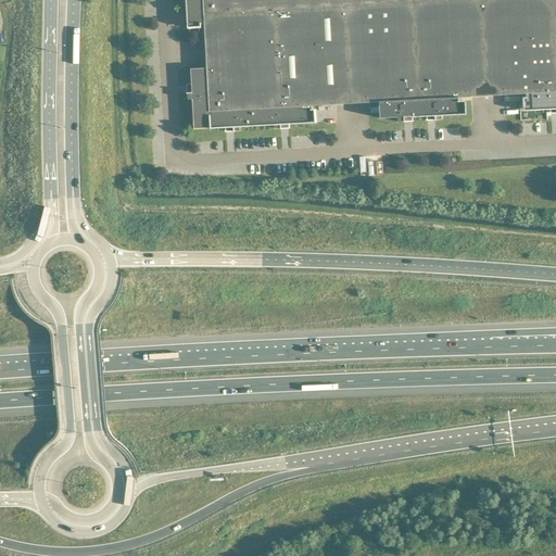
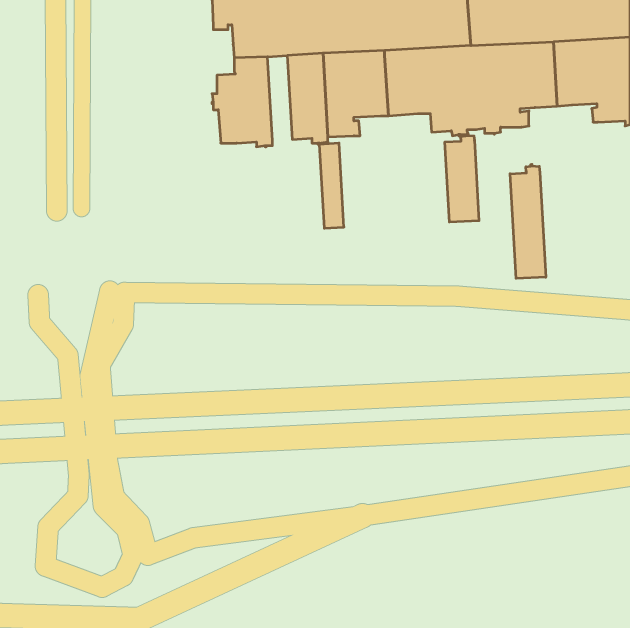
building: [236,49,257,124] -> [319,143,344,228]
building: none -> [445,134,479,222]
building: none -> [510,164,546,278]

